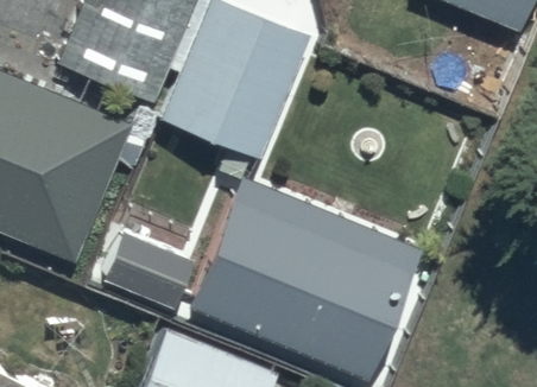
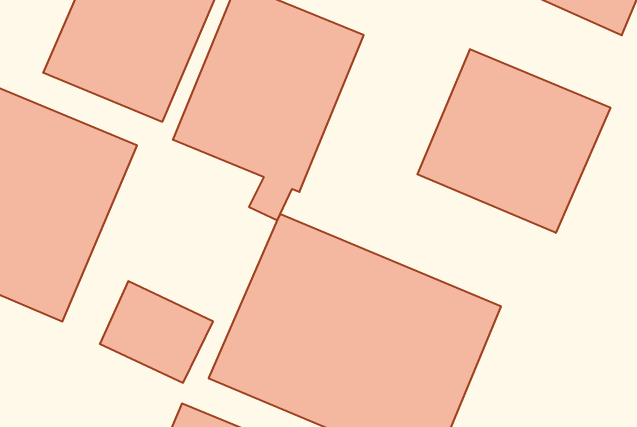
building: none -> [417,49,610,233]

